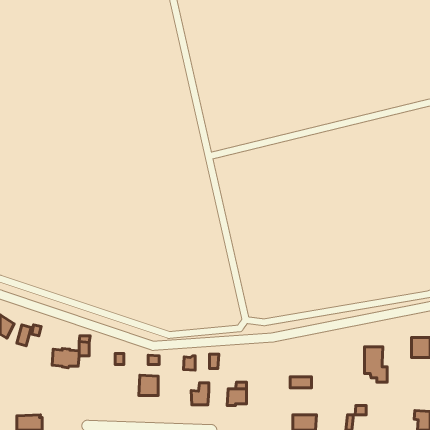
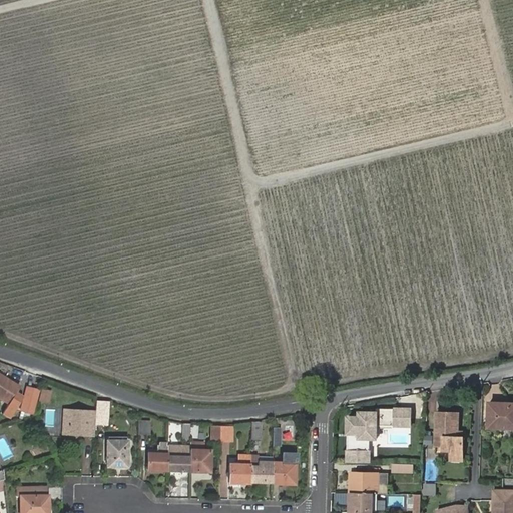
building: none -> [393,407,412,427]
building: none -> [346,410,378,439]
building: none -> [106,440,126,467]
building: none -> [146,442,166,471]
building: none -> [188,451,208,472]
building: none -> [247,463,272,483]
building: none -> [349,471,378,494]

